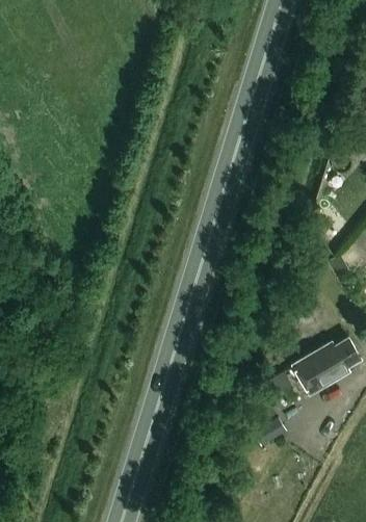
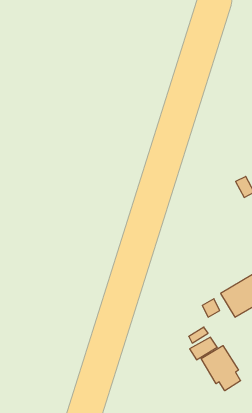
building: none -> [201,346,241,391]

